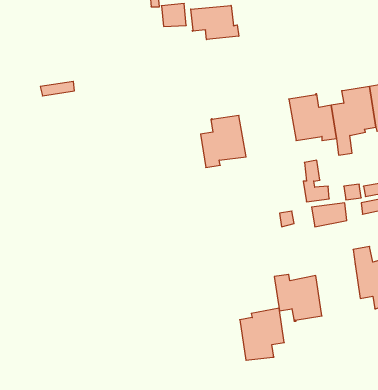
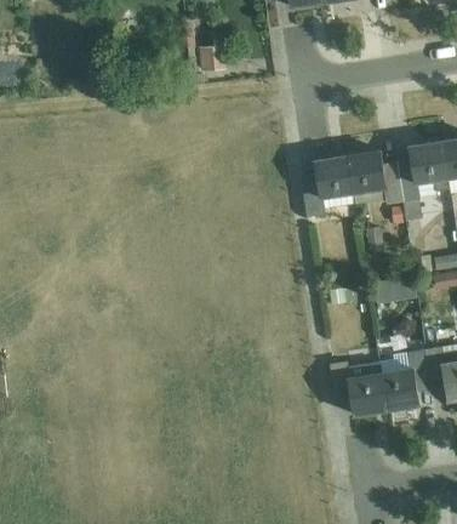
building: [191,5,239,40] -> none
building: [201,115,246,167] -> [303,155,356,216]
building: [240,308,284,360] -> [379,348,432,409]

